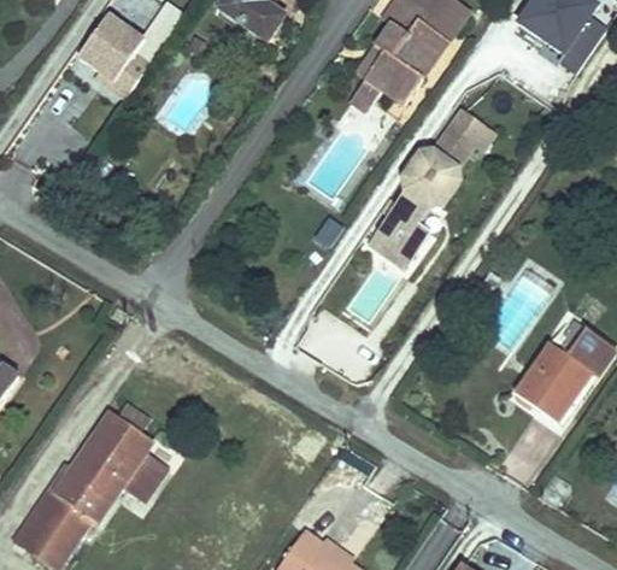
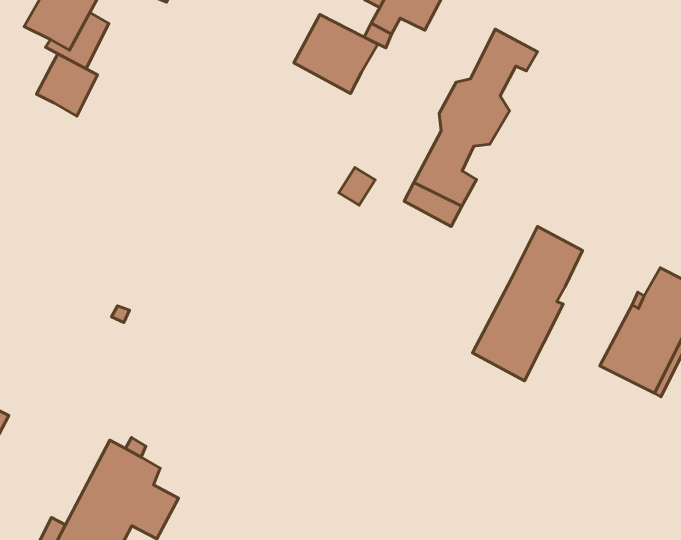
building: none -> [294,14,378,94]
building: none -> [36,54,98,116]
building: none -> [472,227,583,381]

